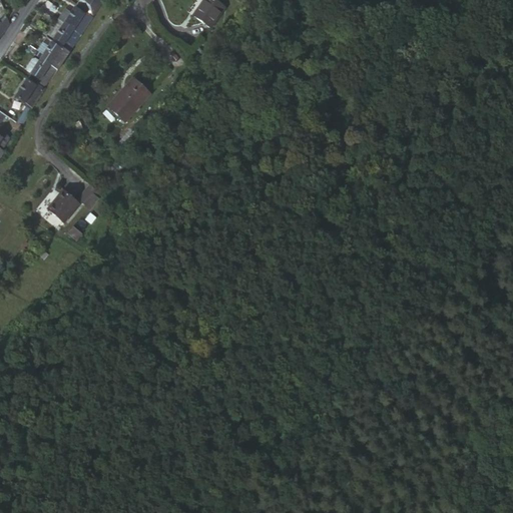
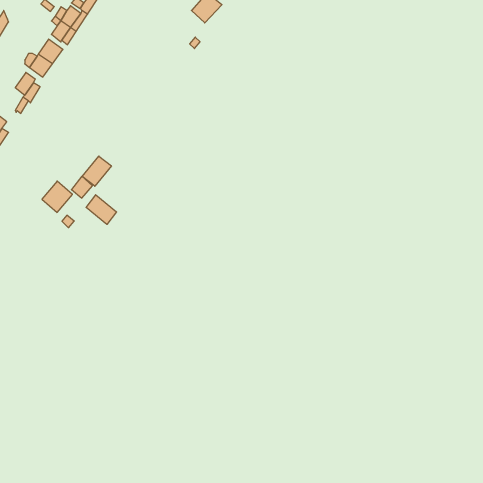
building: [106,76,149,121] -> none
building: none -> [82,156,111,186]
building: none -> [86,195,117,224]

